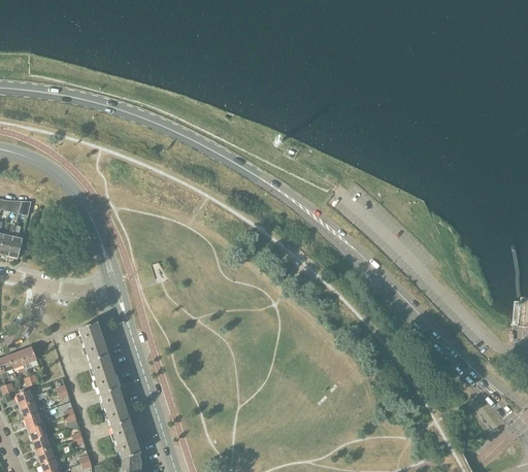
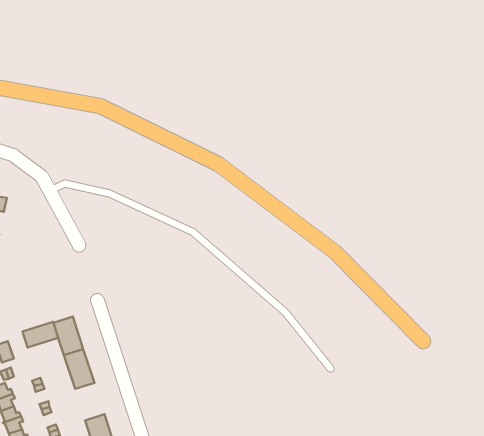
building: none -> [22,322,58,348]
building: [100,390,130,428] -> none

